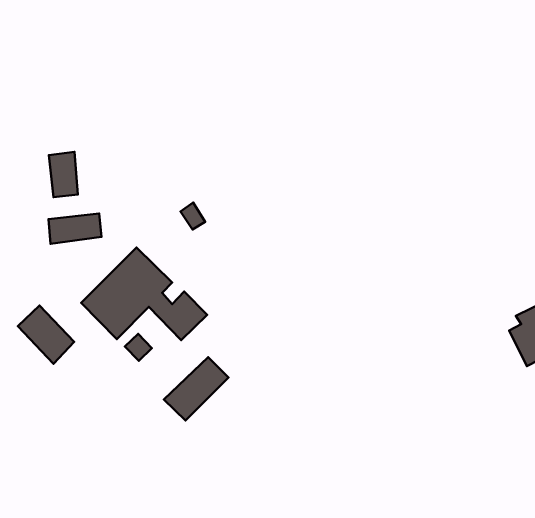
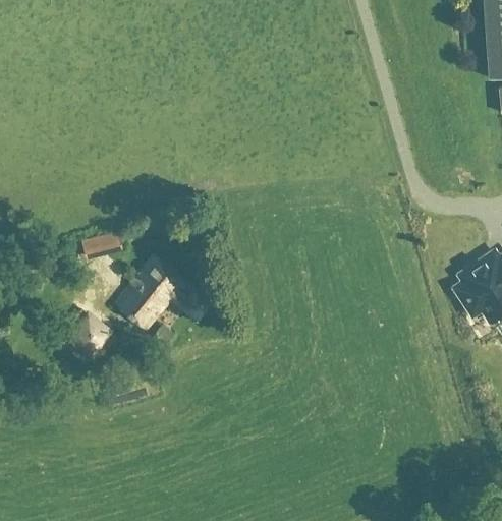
building: [49,152,78,197] -> none
building: [164,357,229,420] -> none

